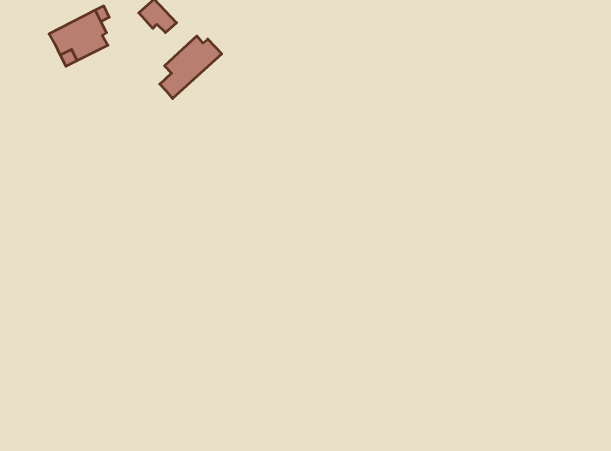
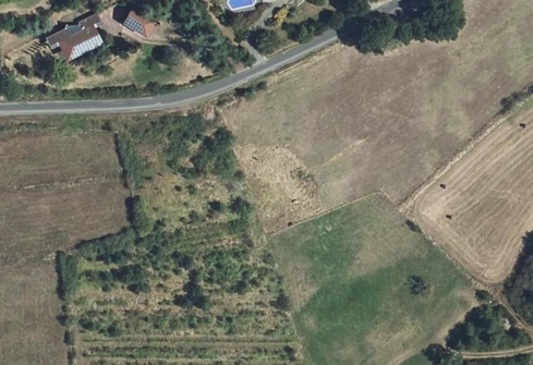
building: [160,36,222,99] -> none

